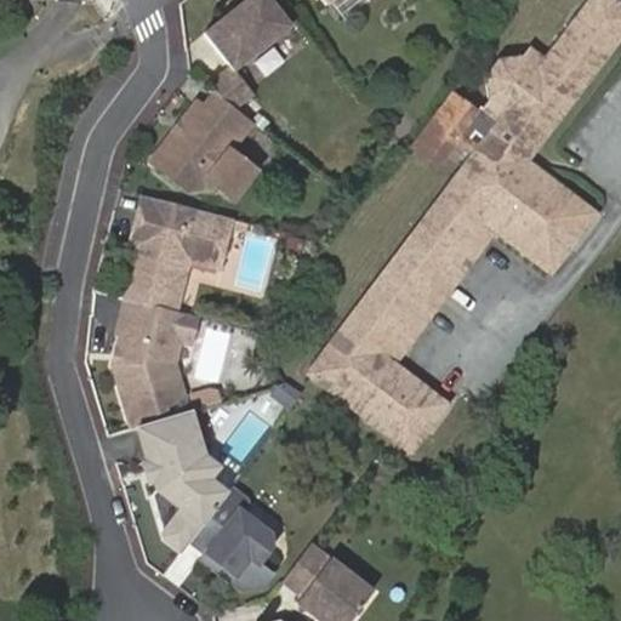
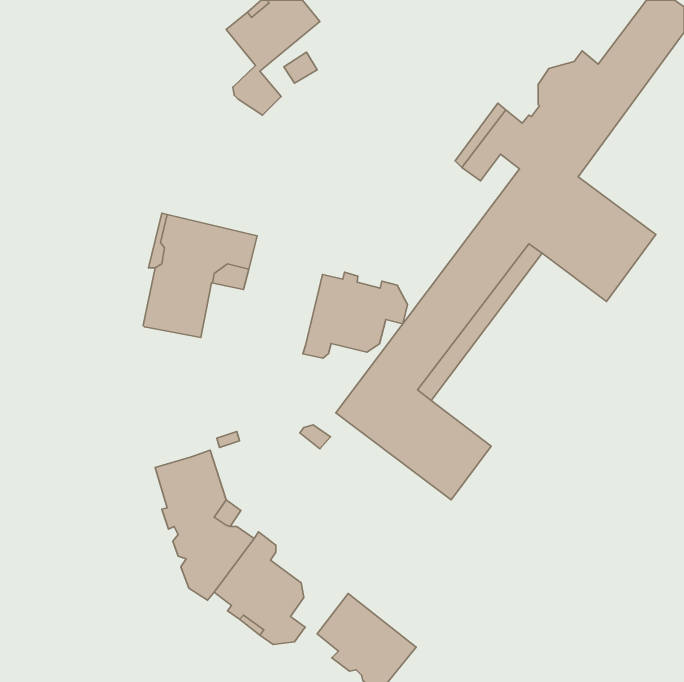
building: [155,92,257,199] -> none
building: none -> [303,272,408,358]
building: [123,298,204,427] -> none

